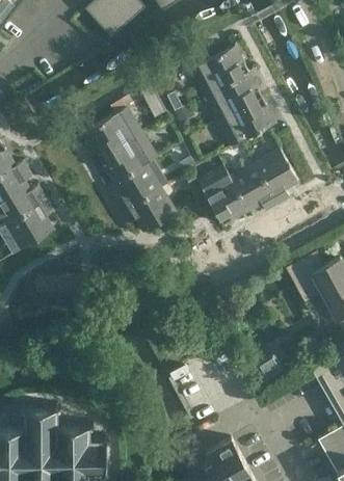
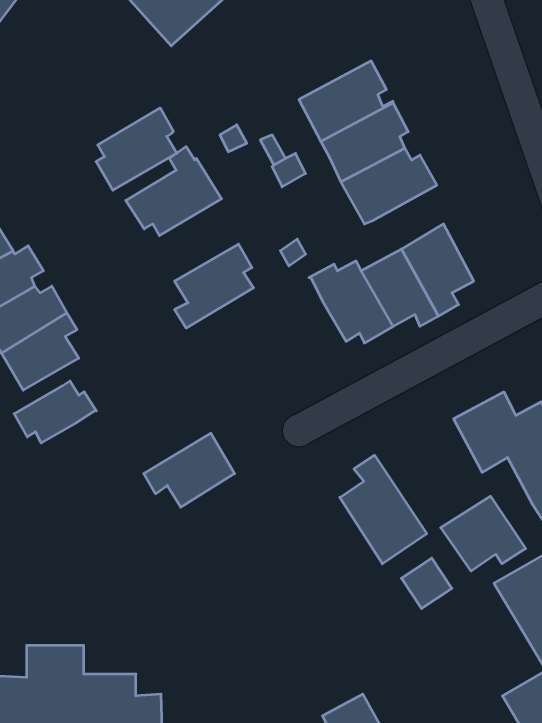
building: [103,132,153,183] -> [96,108,177,190]
building: [121,187,177,233] -> [144,433,235,507]
building: none -> [14,381,96,443]
building: none -> [340,455,427,564]
building: none -> [441,496,526,571]

